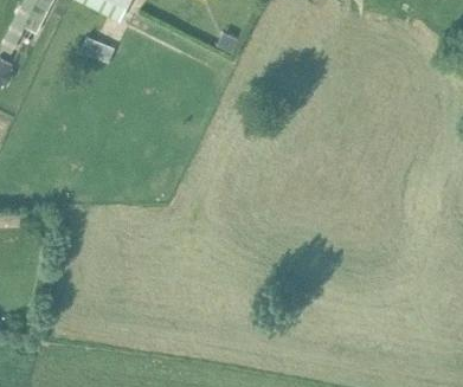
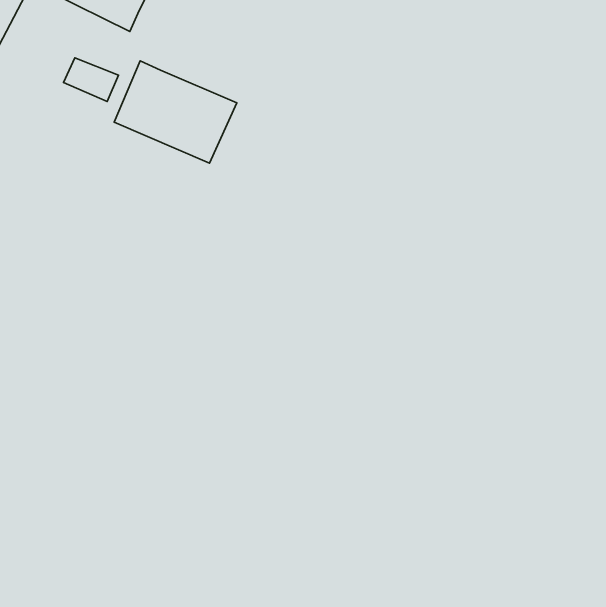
building: none -> [114,61,237,163]

